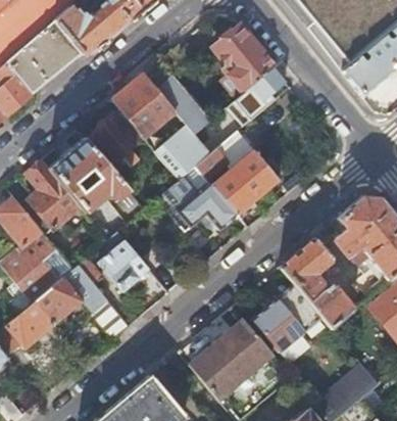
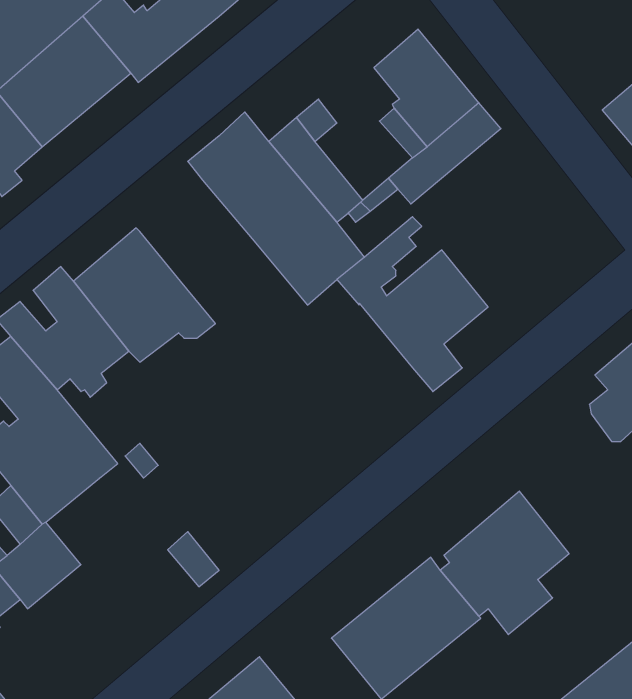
building: [86,110,148,168] -> none
building: [158,166,237,229] -> none
building: [99,230,149,291] -> none
building: [282,237,352,326] -> none
building: [34,276,83,324] -> none

